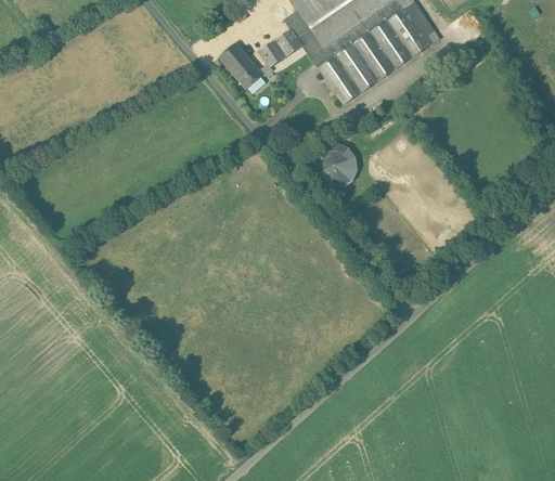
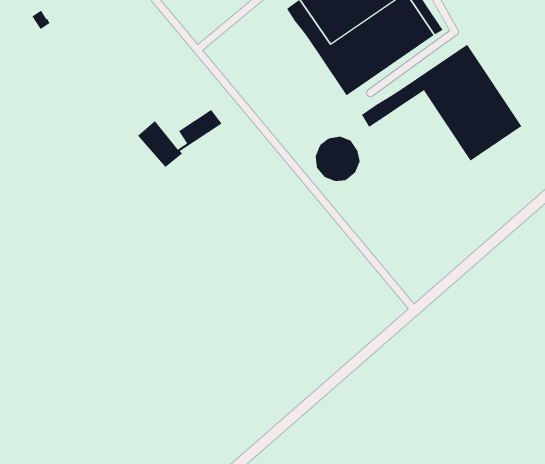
building: [219,28,302,86] -> [137,109,223,168]
building: none -> [361,44,522,162]

